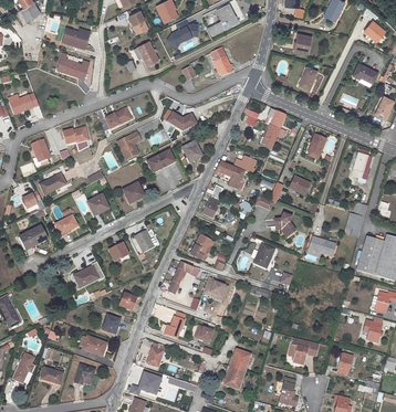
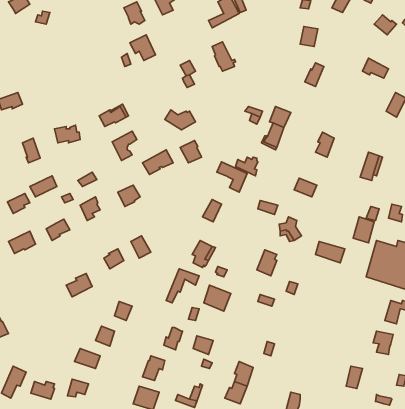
building: [166,19,198,47] -> none
building: [59,25,90,49] -> none
building: [54,52,90,81] -> none
building: [291,337,320,363] -> none

